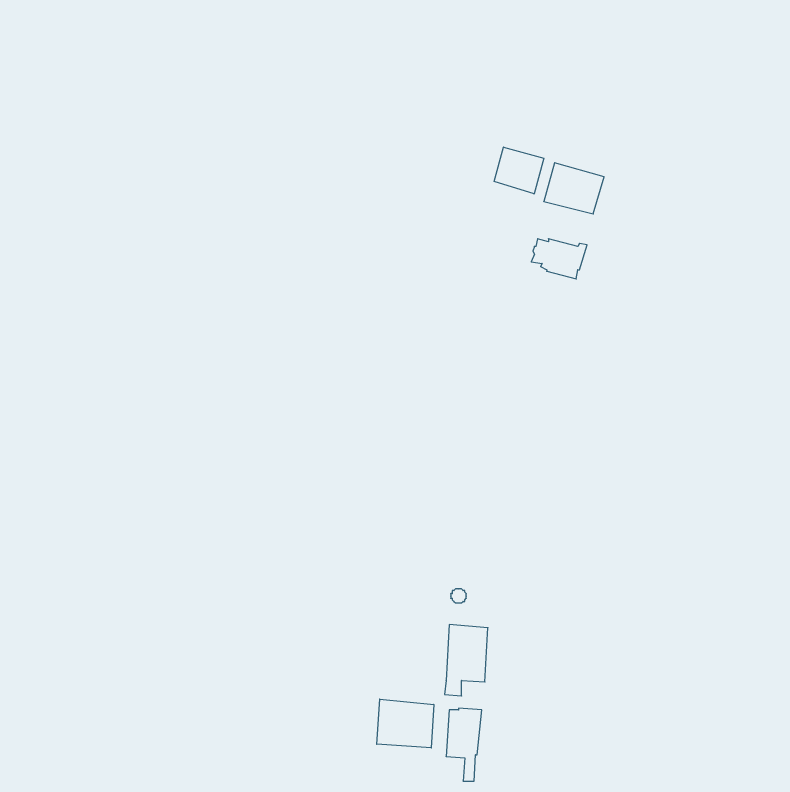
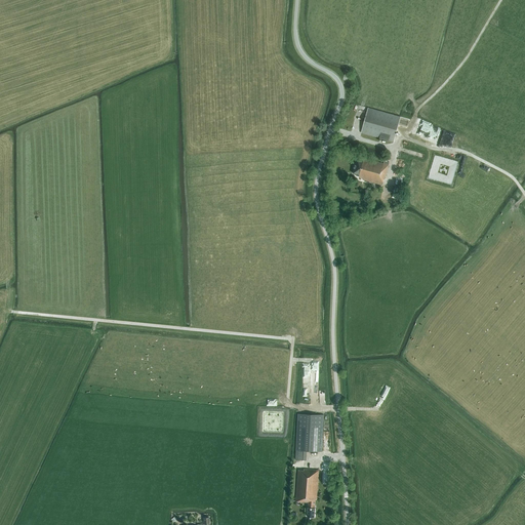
building: [494,147,544,194] -> none
building: [377,699,434,748] -> none

